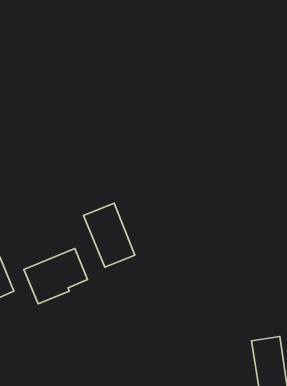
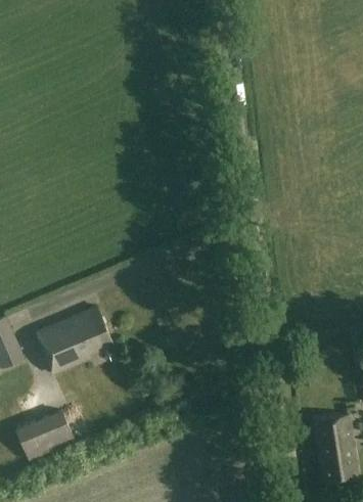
building: [84,203,135,267] -> none
building: none -> [15,410,75,460]

